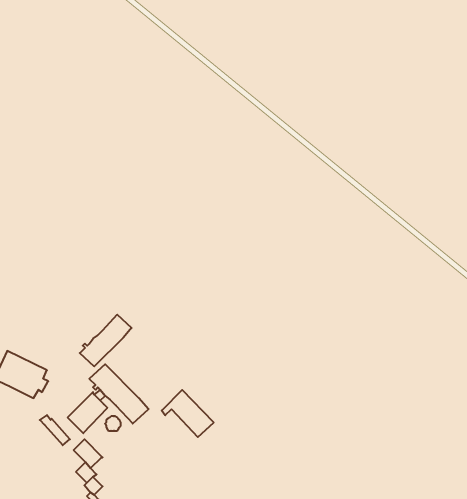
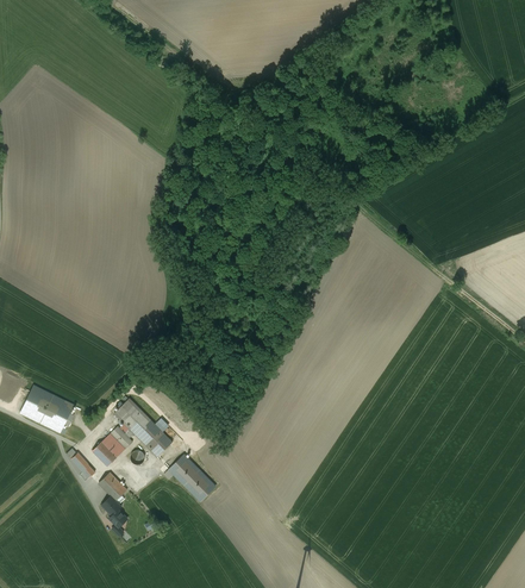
building: [80,315,132,366] -> none
building: [162,390,214,437] -> [164,453,215,500]

